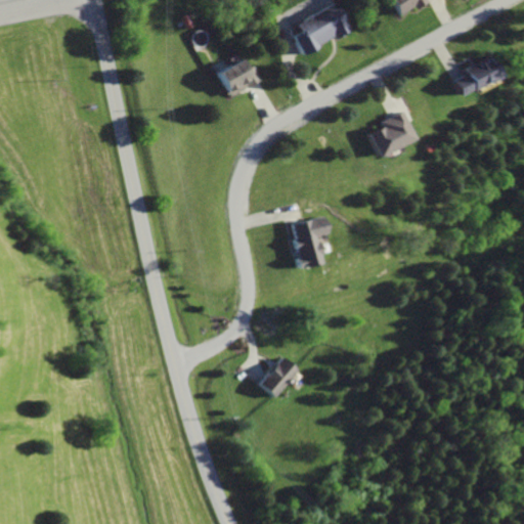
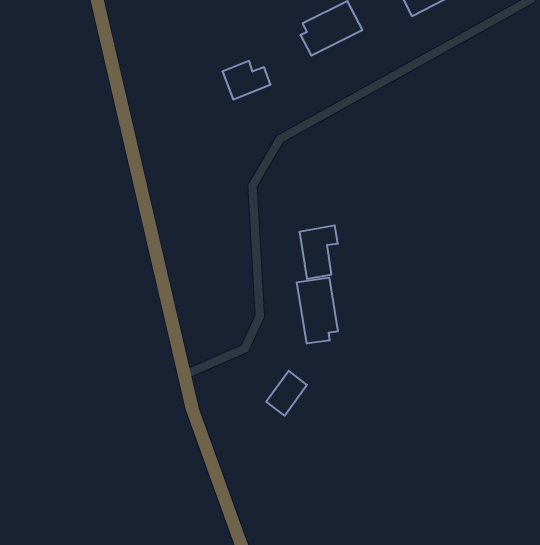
building: [451,55,500,95] -> none
building: [369,111,419,156] -> none
building: none -> [297,278,338,344]

